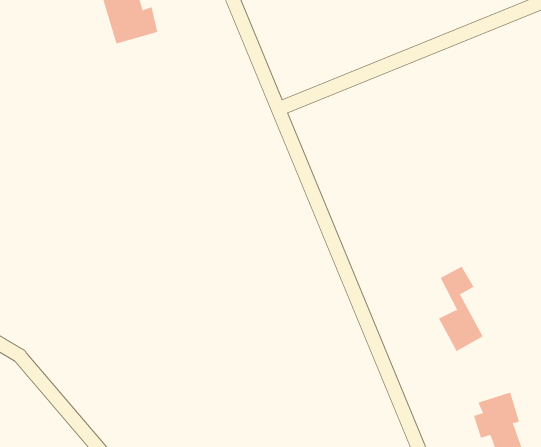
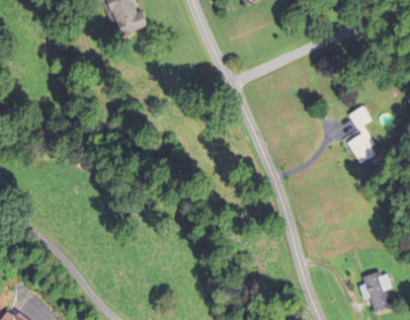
building: [438,266,483,352] -> [347,106,378,164]

